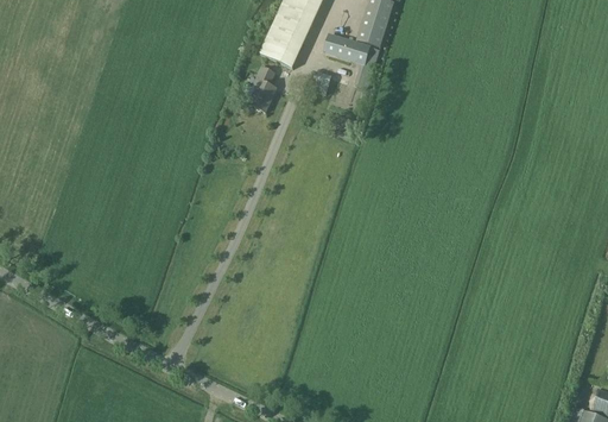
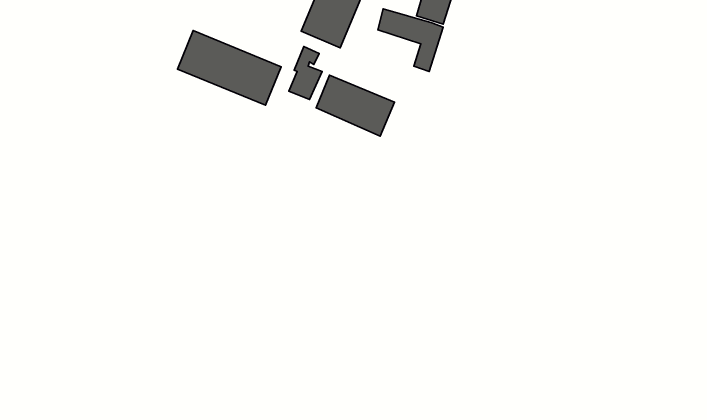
building: none -> [178,31,281,105]
building: none -> [316,75,395,136]

